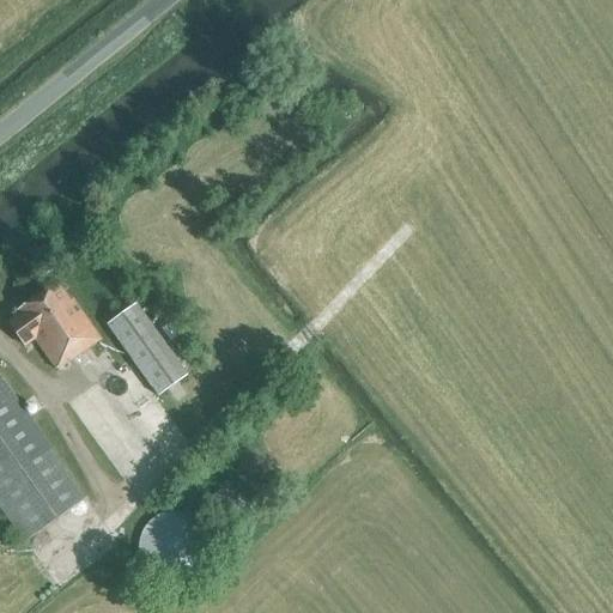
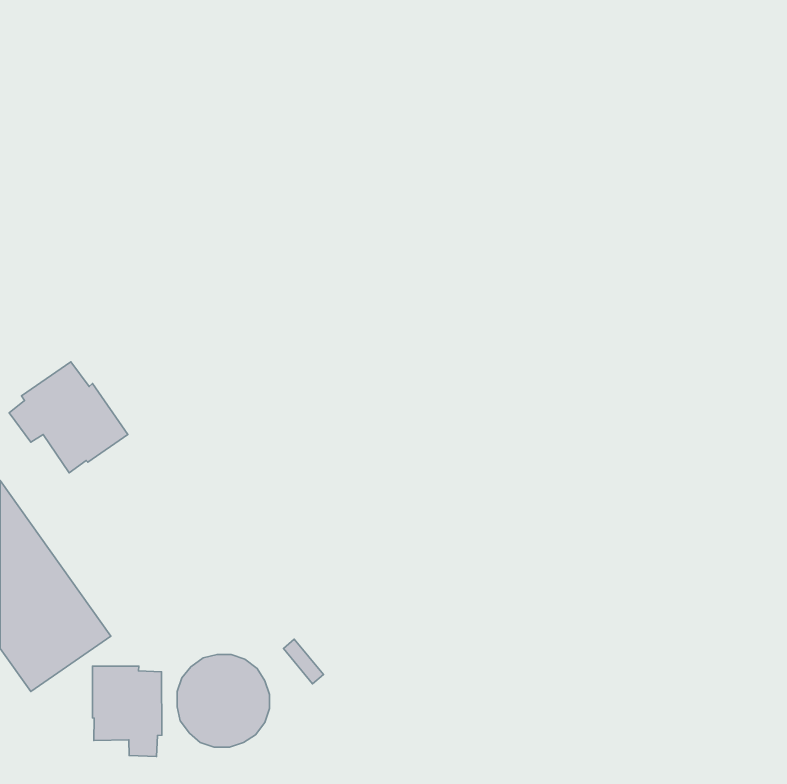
building: [108,303,186,394] -> none
building: none -> [92,666,162,756]

